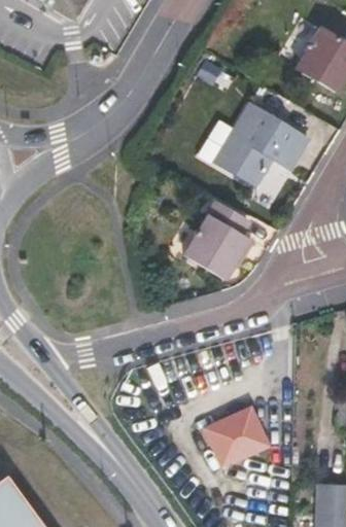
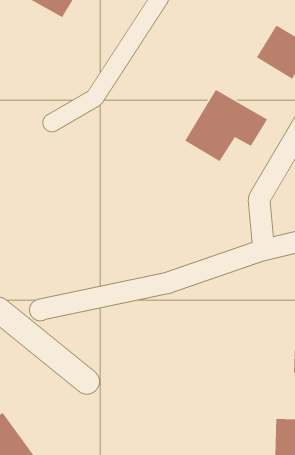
building: [184,199,249,279] -> none
building: [208,402,273,462] -> none

